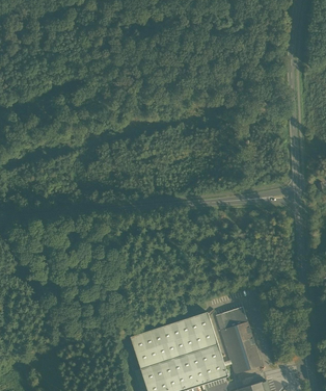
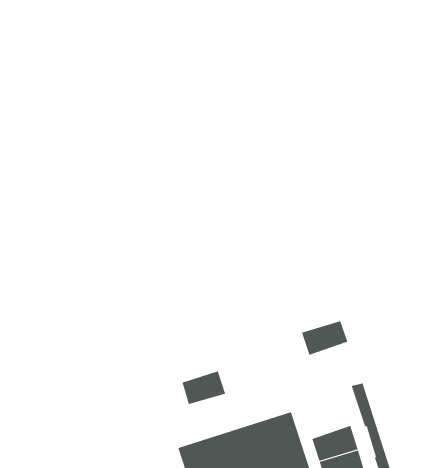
building: none -> [182,370,226,405]
building: [216,308,248,332] -> [301,321,348,355]

